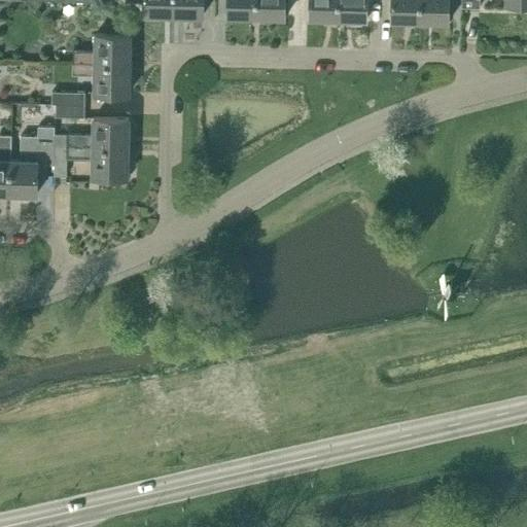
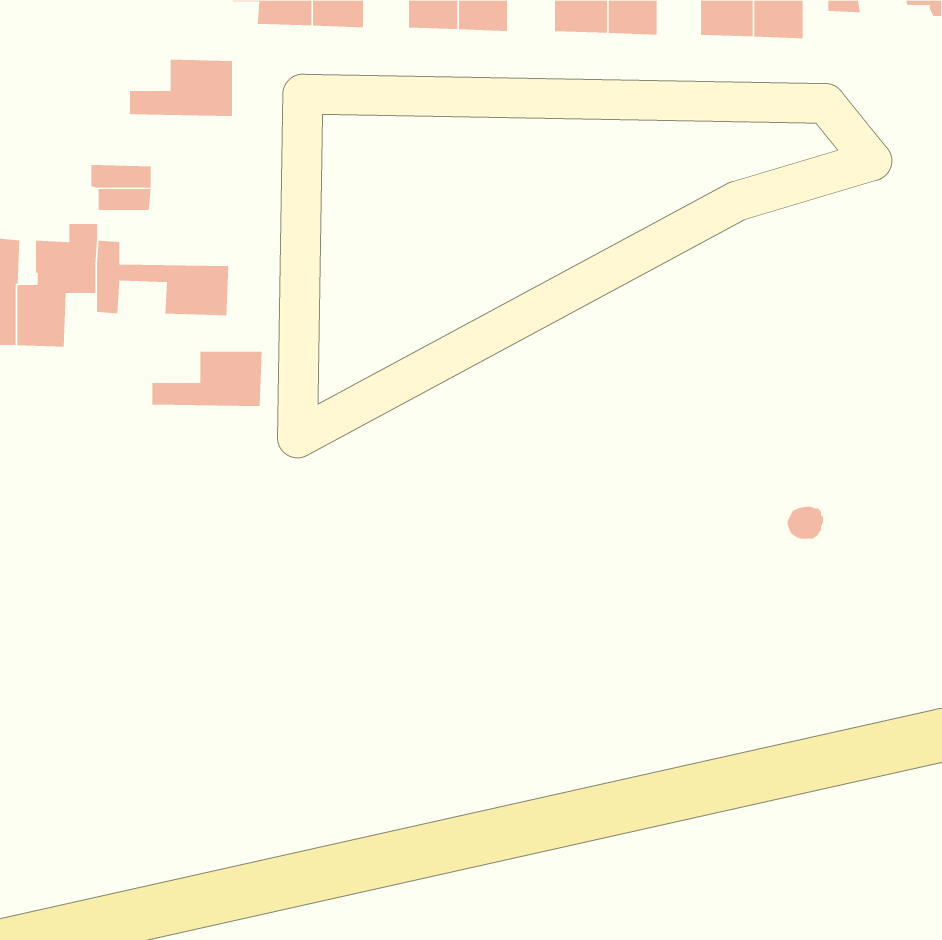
building: [72,66,130,95] -> none
building: [67,119,129,150] -> [152,351,262,407]

